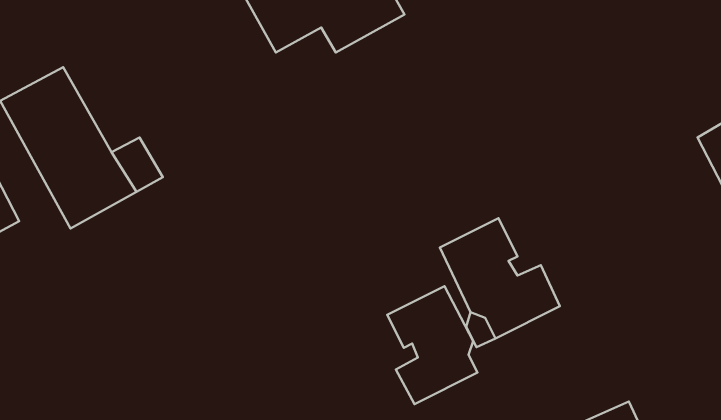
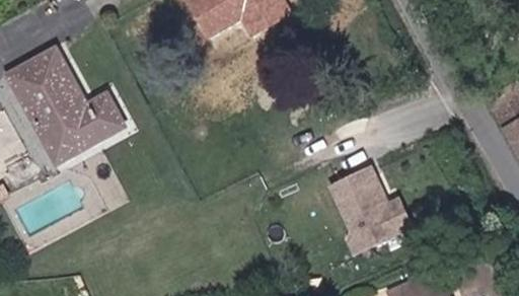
building: [387,286,478,404] -> none

